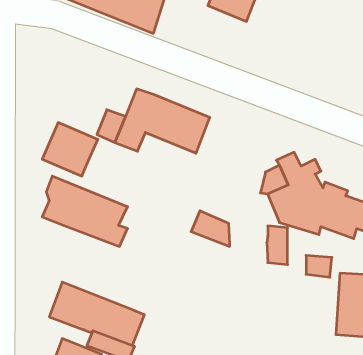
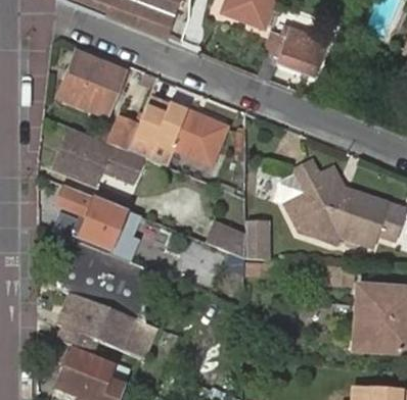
building: none -> [259,23,326,78]
building: none -> [58,51,125,115]
building: none -> [99,147,141,186]
building: none -> [56,232,146,322]
building: [267,226,288,265] -> [245,216,267,256]

